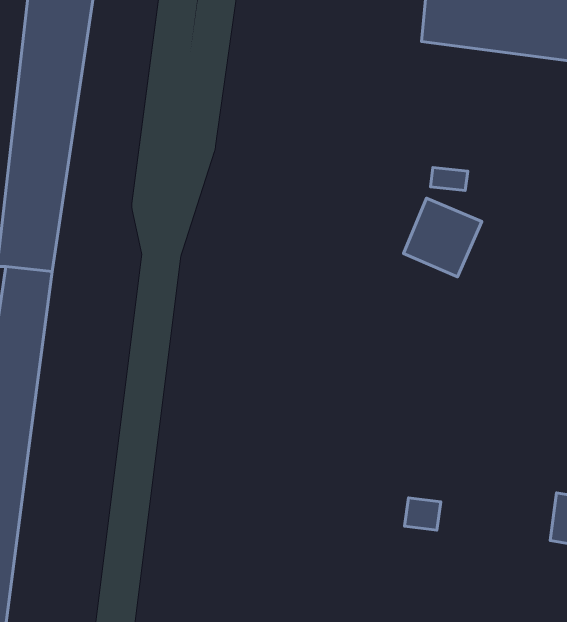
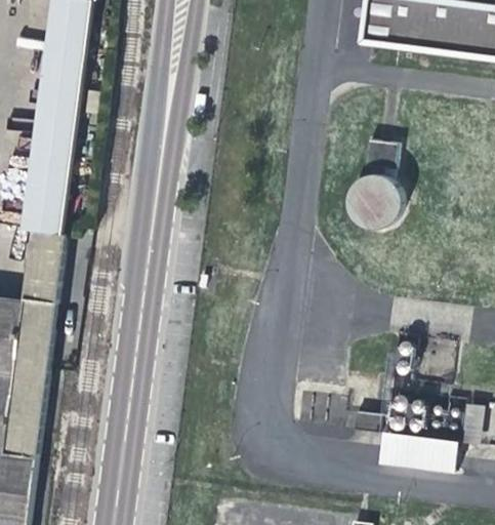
building: none -> [374,428,451,468]

